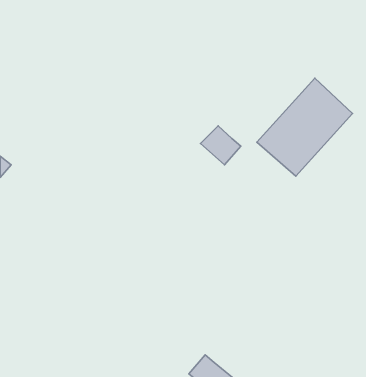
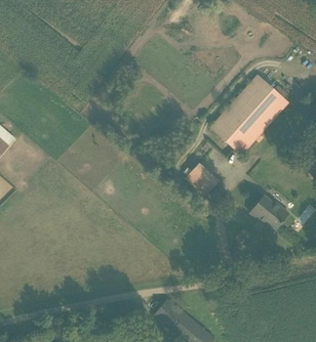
building: [200,126,241,165] -> [186,164,219,196]
building: none -> [250,196,289,230]

